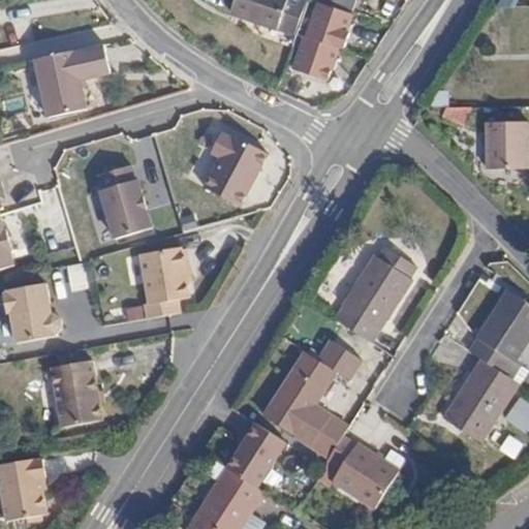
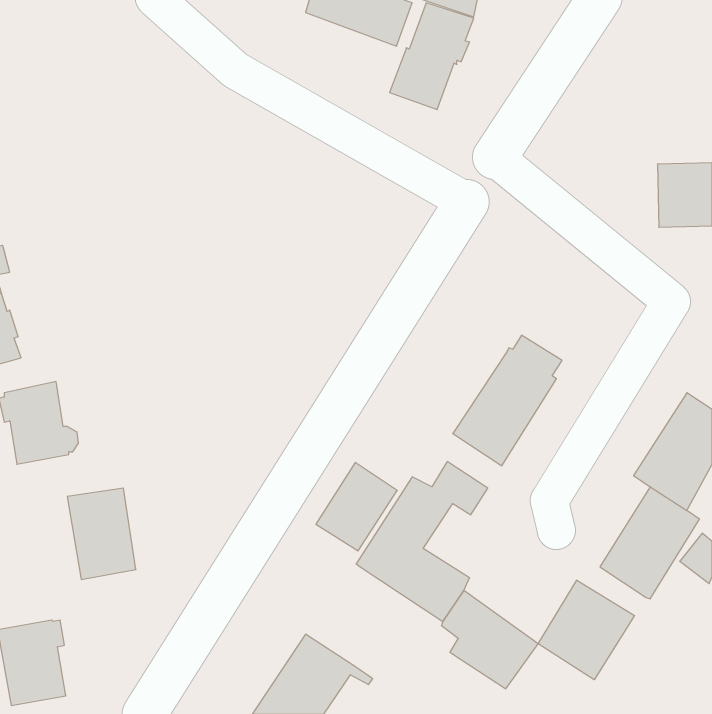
building: [35,44,112,119] -> none
building: [207,134,273,210] -> none
building: [100,166,153,240] -> none
building: [137,248,187,319] -> none
building: [225,422,285,487] -> [316,462,397,551]
building: none -> [538,580,635,680]

